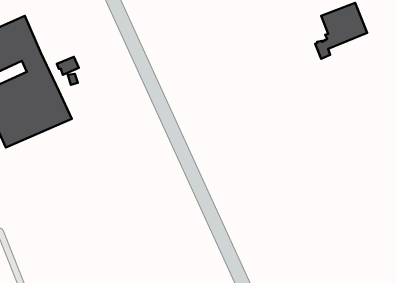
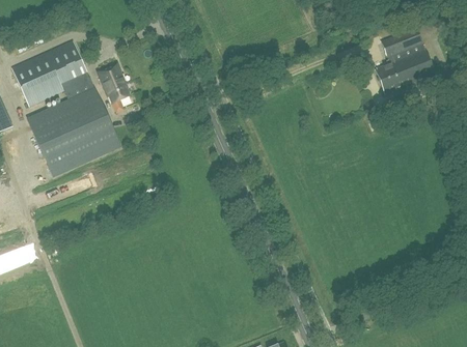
building: none -> [381,58,435,93]
building: none -> [98,62,125,90]

